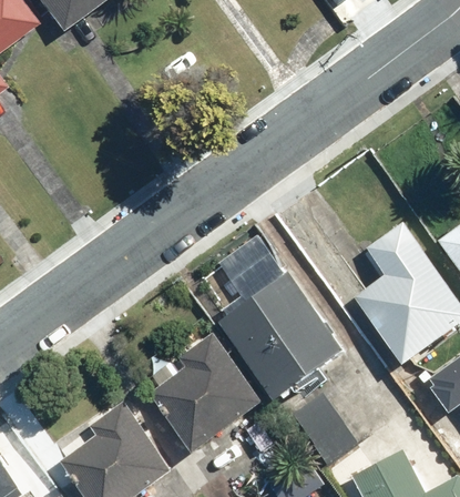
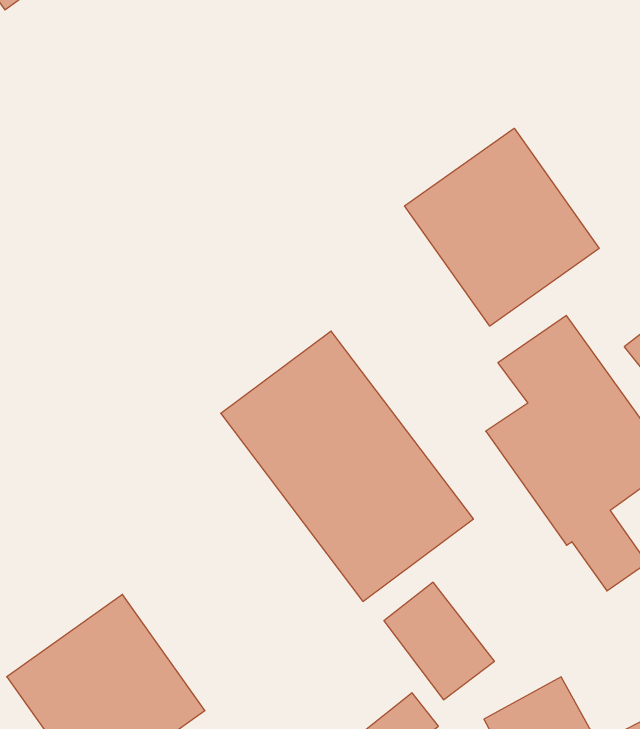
building: none -> [405,128,599,326]
building: [149,334,262,455] -> none

